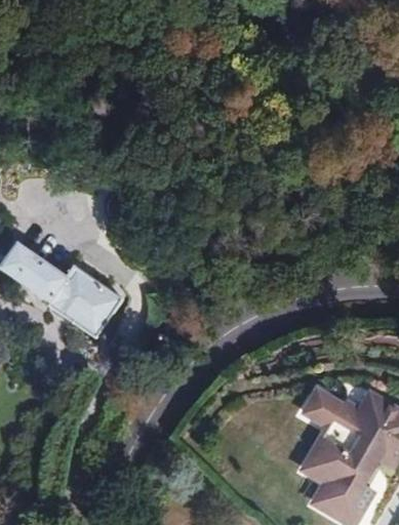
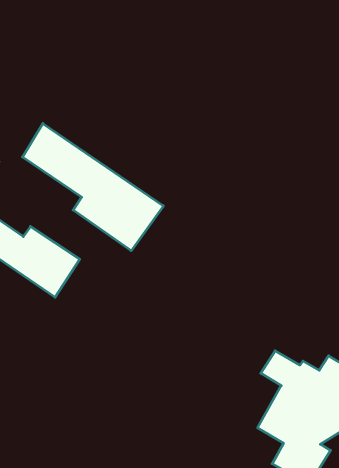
building: none -> [22,123,163,251]

